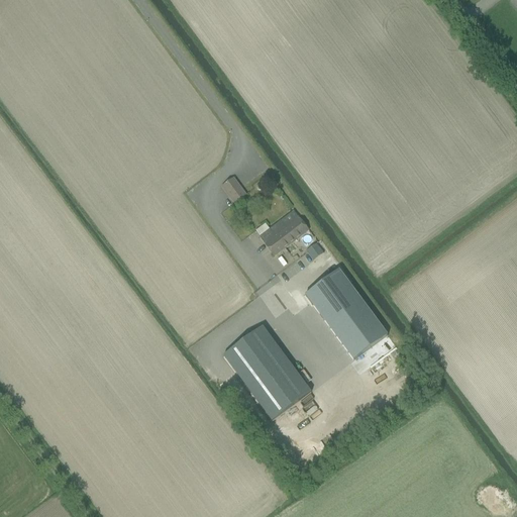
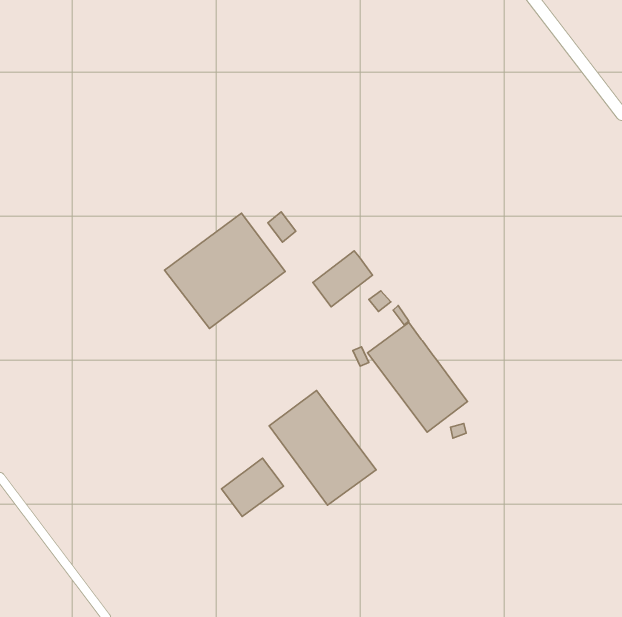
building: none -> [165,213,285,329]
building: none -> [221,458,283,517]

